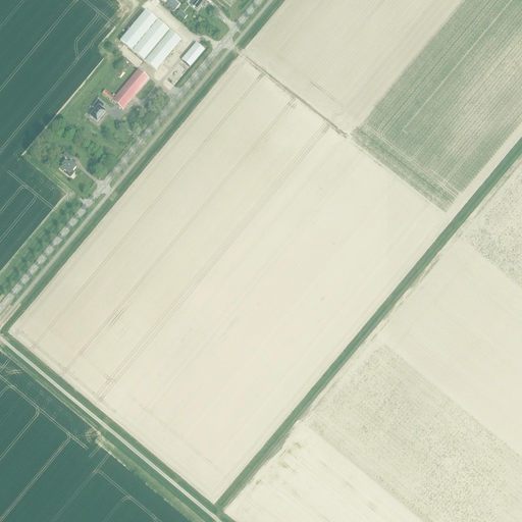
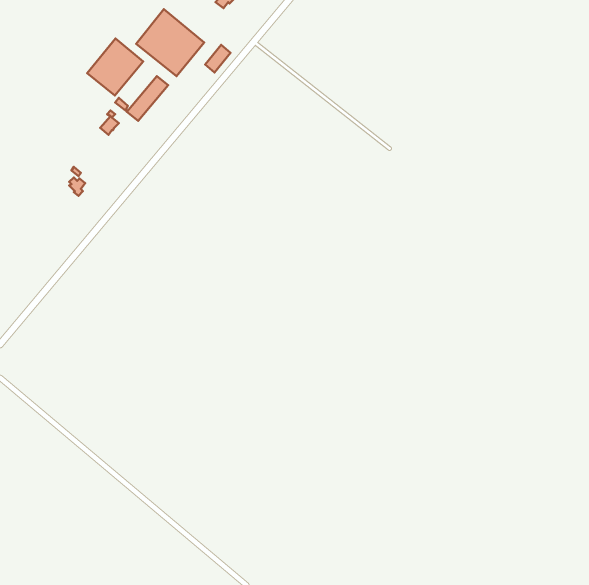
building: none -> [87,38,143,95]

